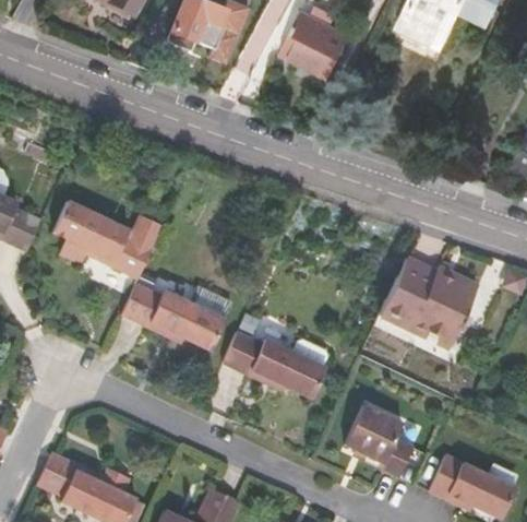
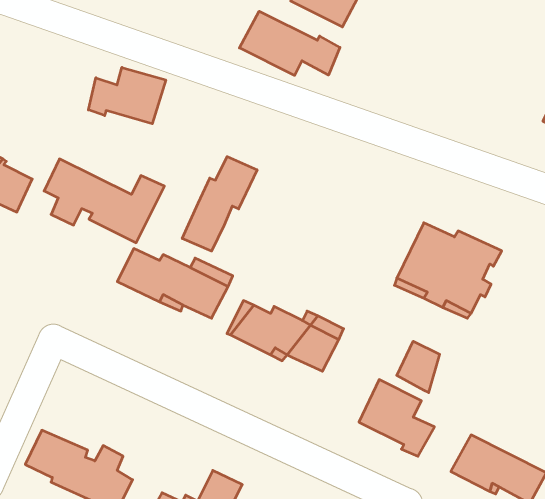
building: none -> [239,11,340,75]
building: none -> [88,67,166,124]
building: none -> [182,157,257,251]
building: none -> [397,341,440,393]

